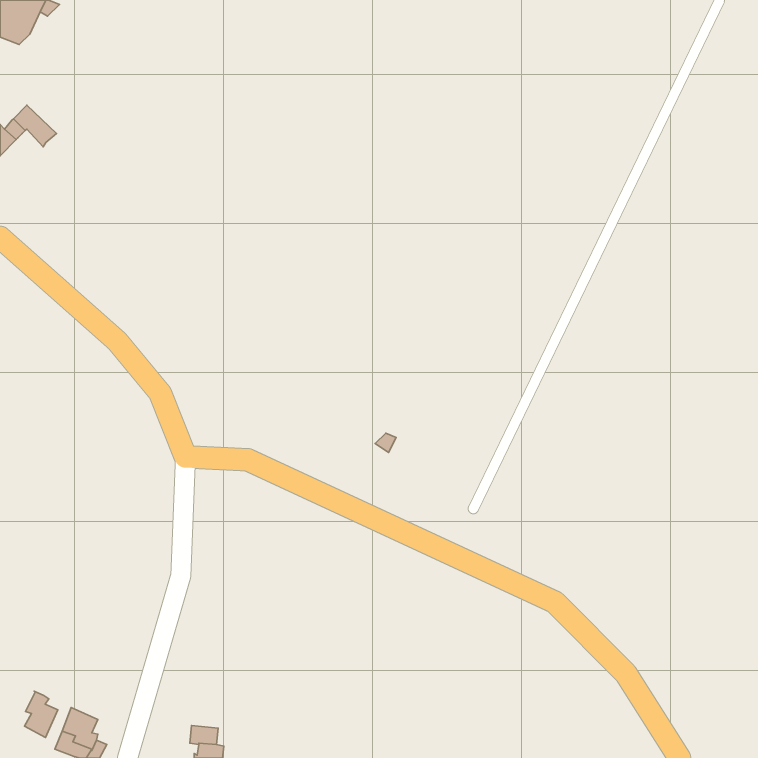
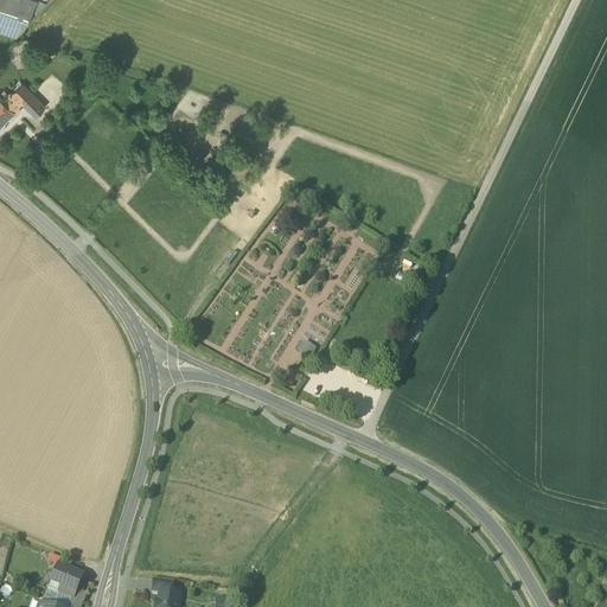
building: [24,691,58,737] -> none

